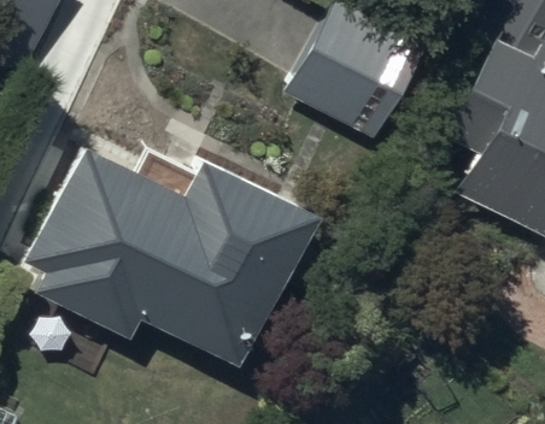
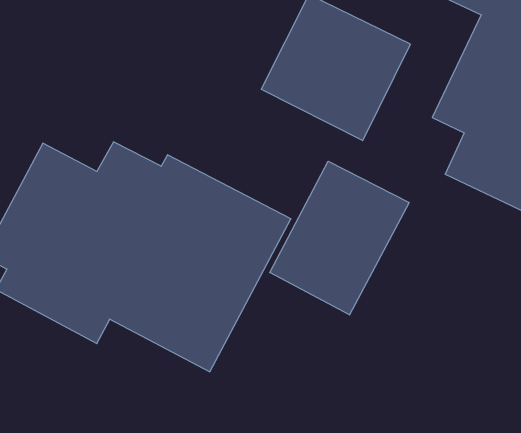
building: none -> [270,161,409,315]

